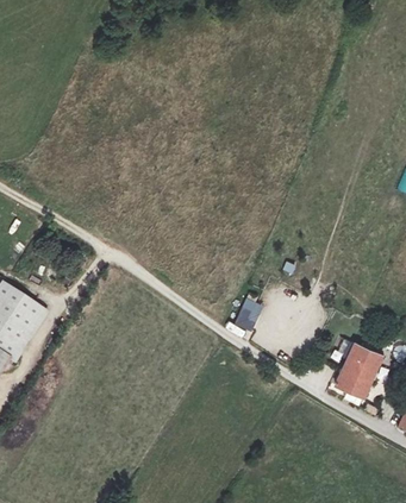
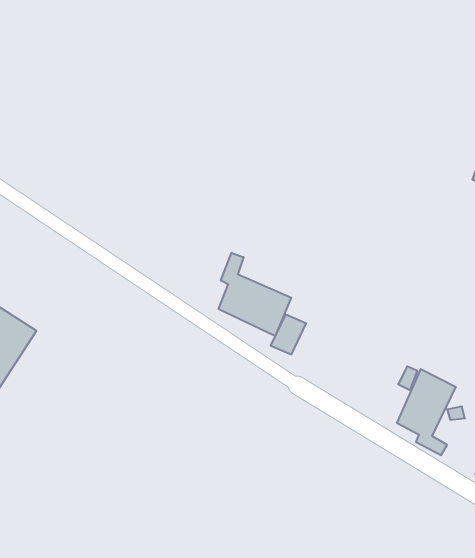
building: none -> [219,253,291,336]

